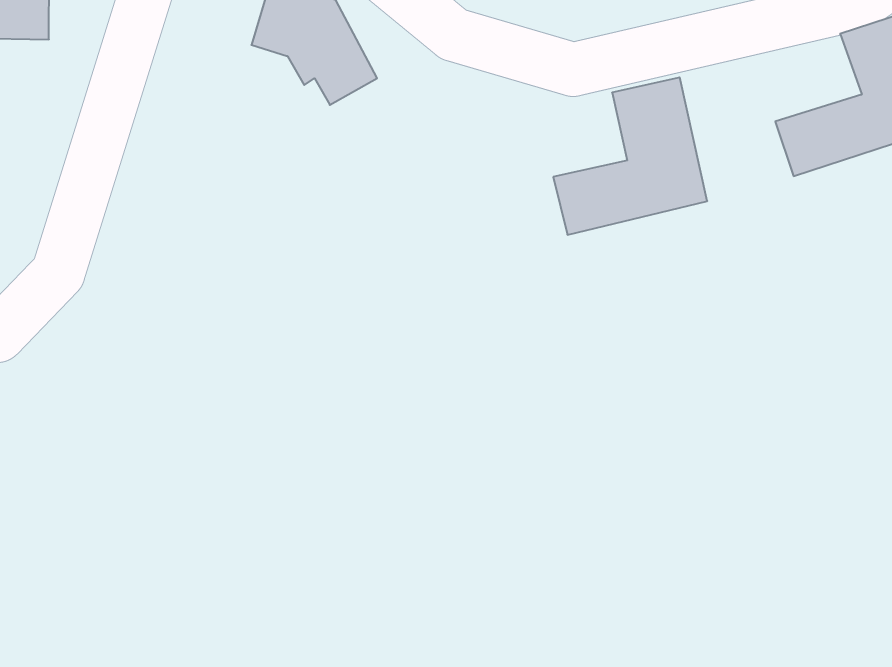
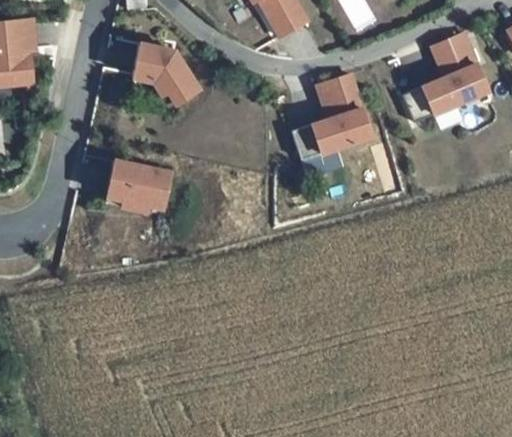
building: none -> [103,170,167,224]

